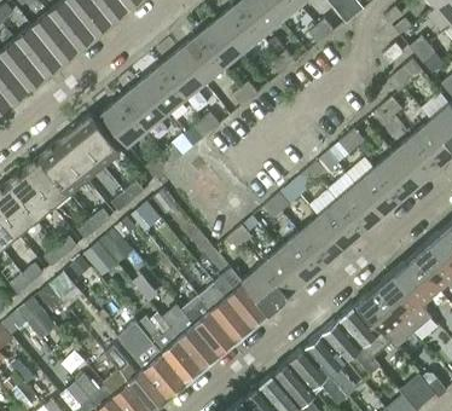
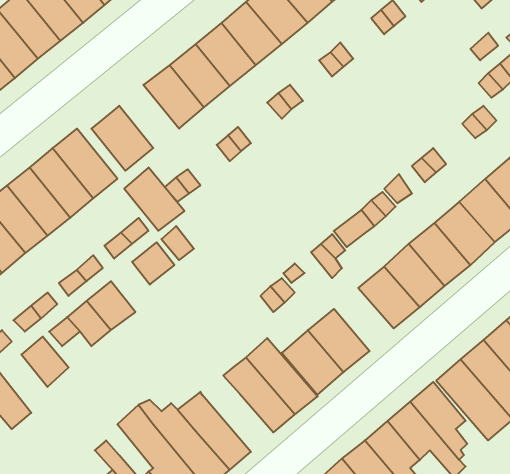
building: [122,82,167,129] -> [124,167,184,231]
building: [282,233,326,280] -> none
building: [181,296,237,355] -> none

